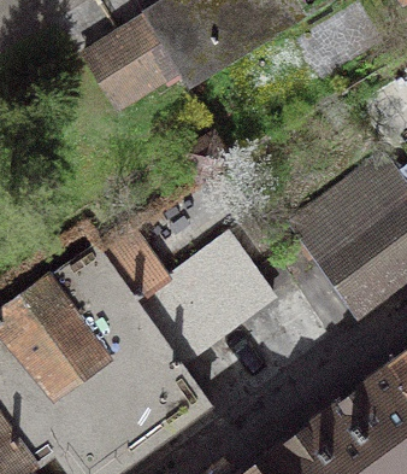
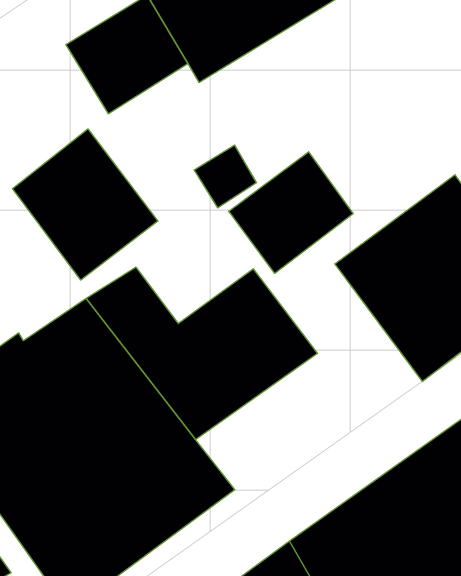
building: none -> [13,129,158,280]
building: none -> [229,152,353,273]

